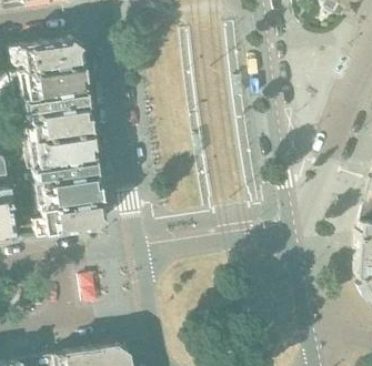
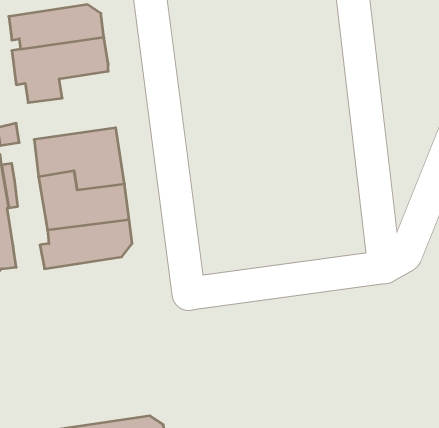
building: [27,88,92,139] -> none

